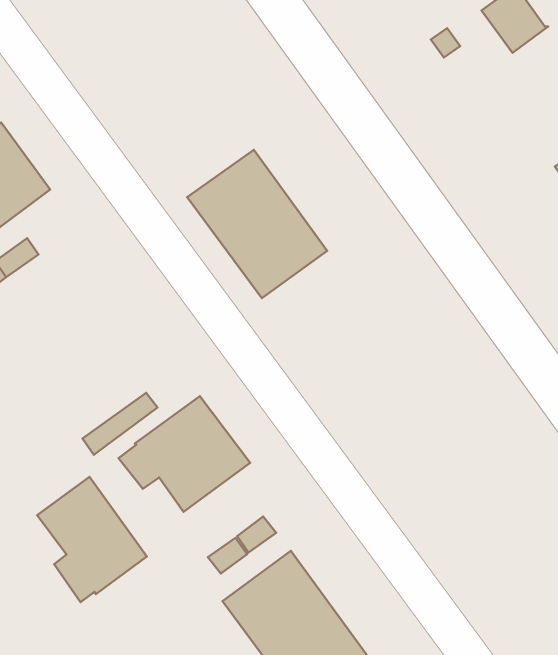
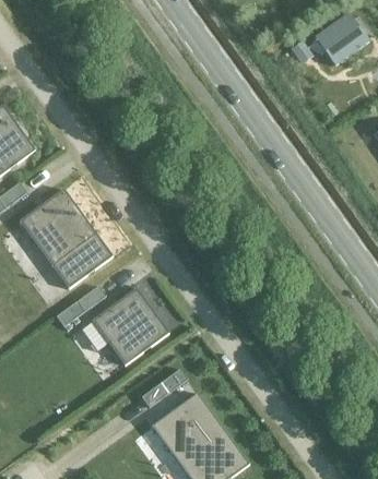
building: [187,150,327,298] -> [17,189,111,288]
building: [37,477,147,602] -> none

